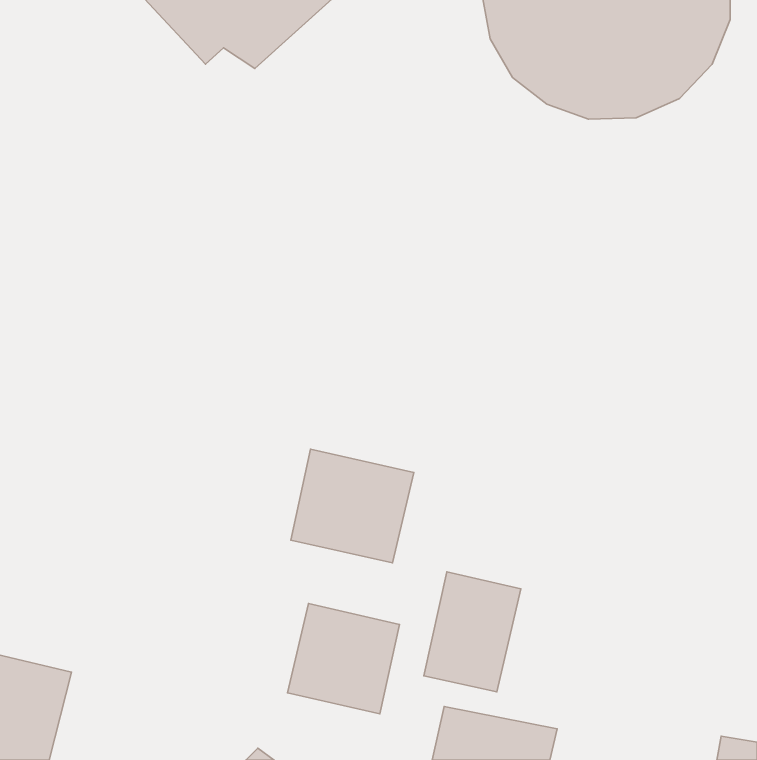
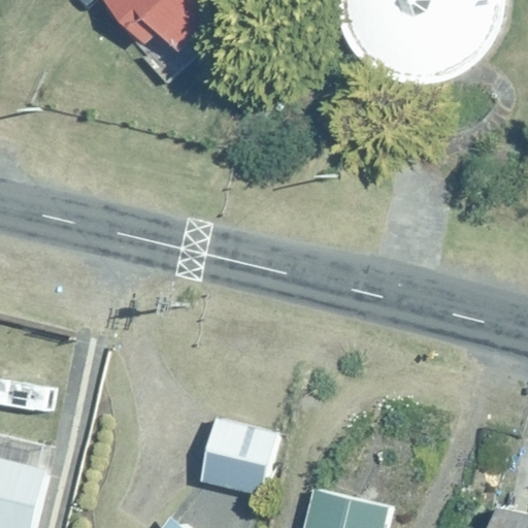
building: [291,449,414,563] -> none
building: [424,572,521,692] -> none

